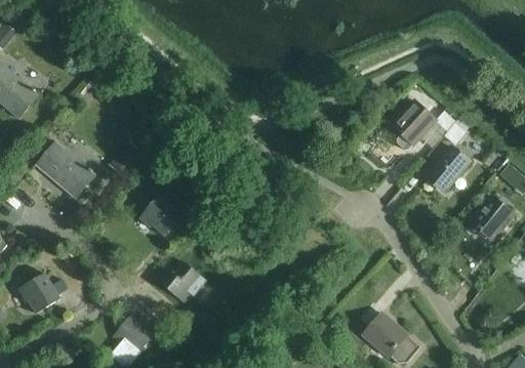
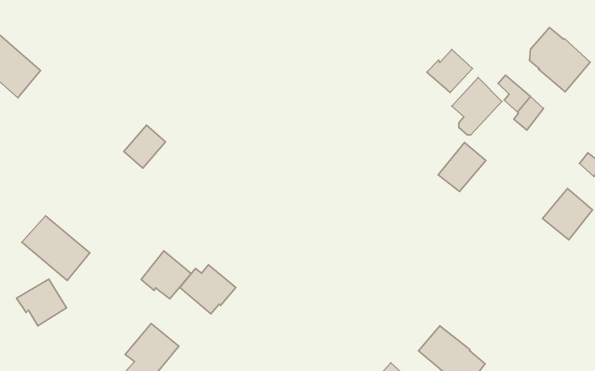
building: none -> [529,27,590,92]
building: none -> [427,49,472,93]
building: [36,142,94,198] -> [22,216,90,280]
building: [428,147,469,189] -> [438,143,486,192]
building: [139,194,183,235] -> [141,251,191,299]

